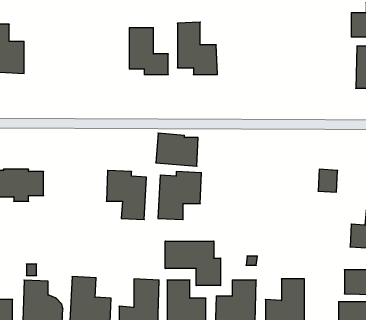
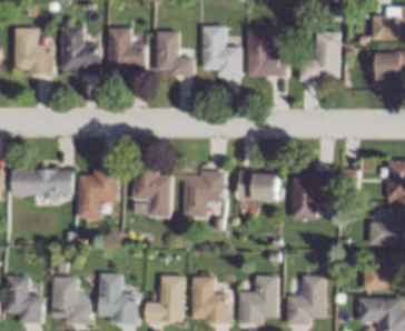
building: none -> [61,27,99,77]
building: none -> [108,28,145,77]
building: none -> [246,28,286,77]
building: none -> [297,32,338,82]
building: [156,133,198,166] -> [237,170,278,202]
building: none -> [77,170,117,219]
building: none -> [292,171,333,219]
building: [165,241,221,286] -> none

